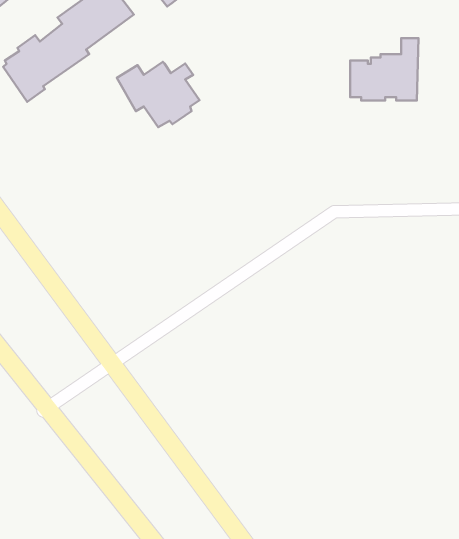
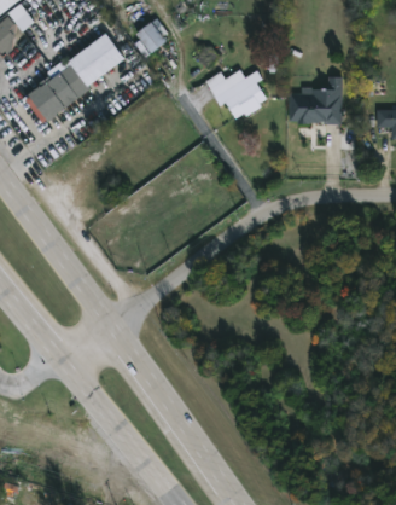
building: [117,62,200,127] -> [205,69,268,118]

